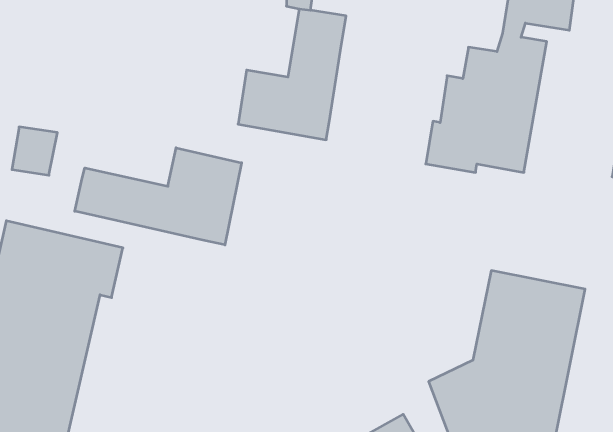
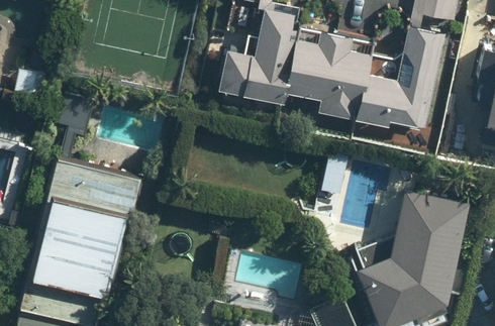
building: none -> [286,31,370,119]
building: [75,148,242,245] -> none

